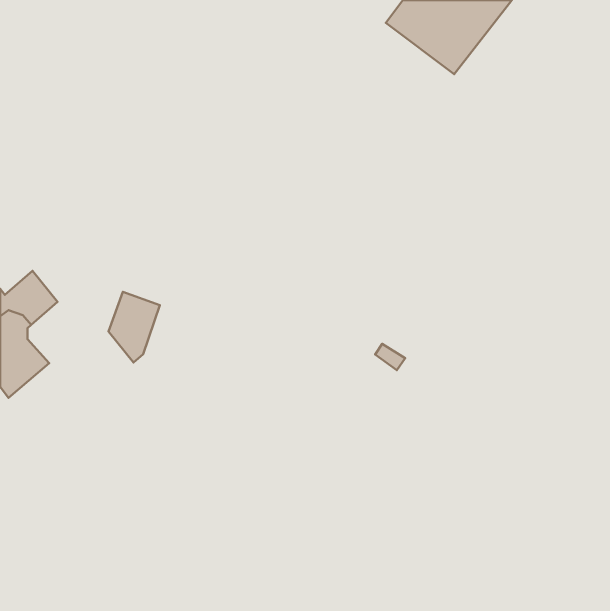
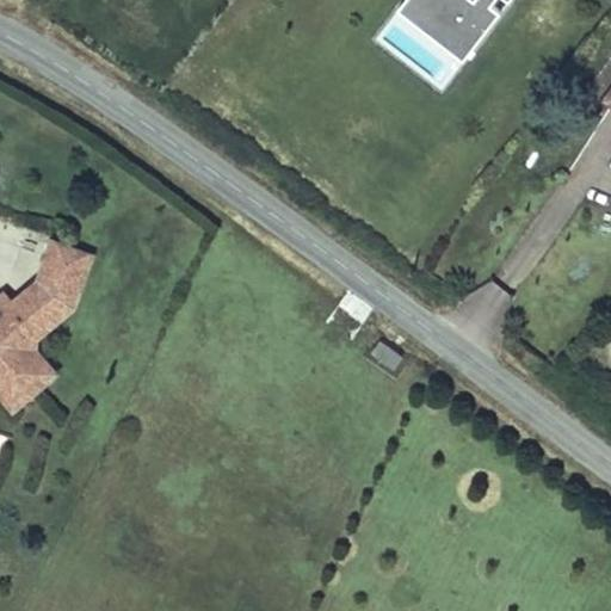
building: [108,292,160,363] -> [35,232,86,302]

